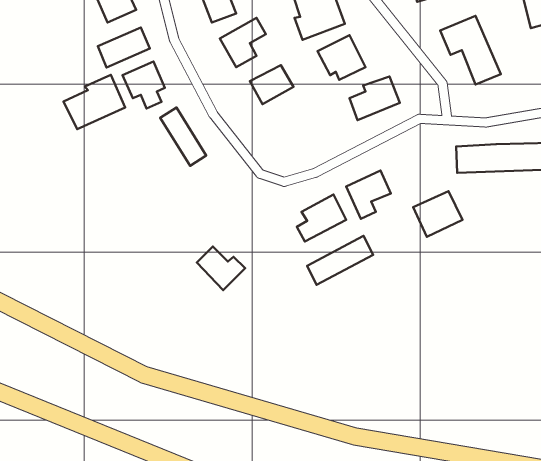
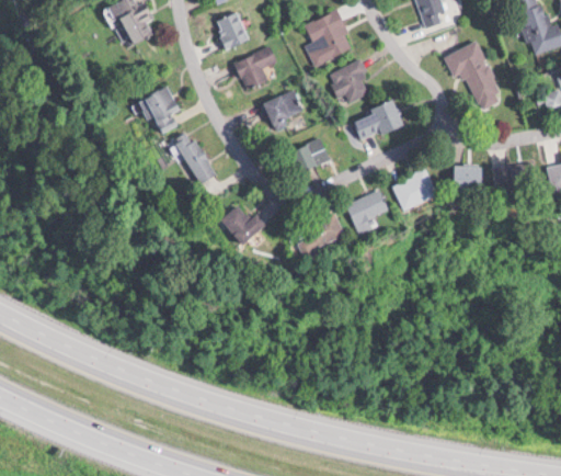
building: [98,27,150,67] -> none
building: [64,75,125,129] -> none
building: none -> [291,138,332,174]
building: [413,191,462,237] -> [397,169,444,213]
building: [307,236,373,285] -> none
building: [197,246,245,290] -> [227,205,273,247]

